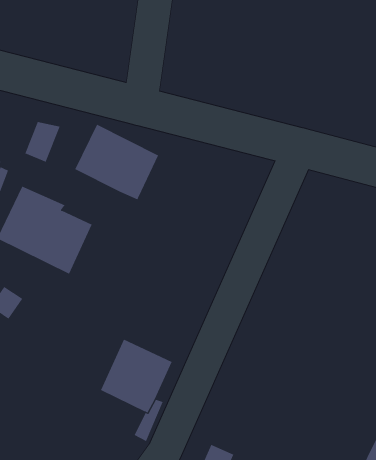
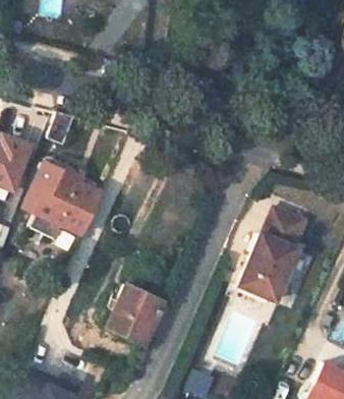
building: [74,124,159,200] -> none
building: none -> [238,206,306,300]

